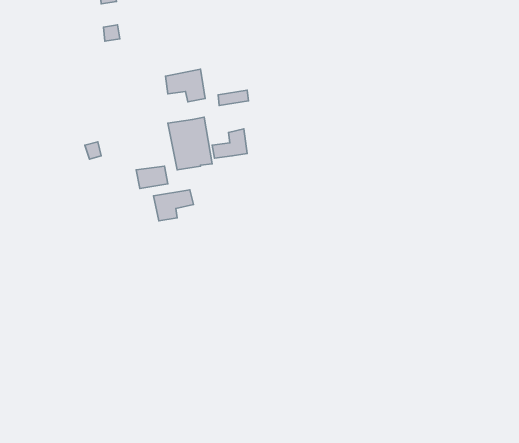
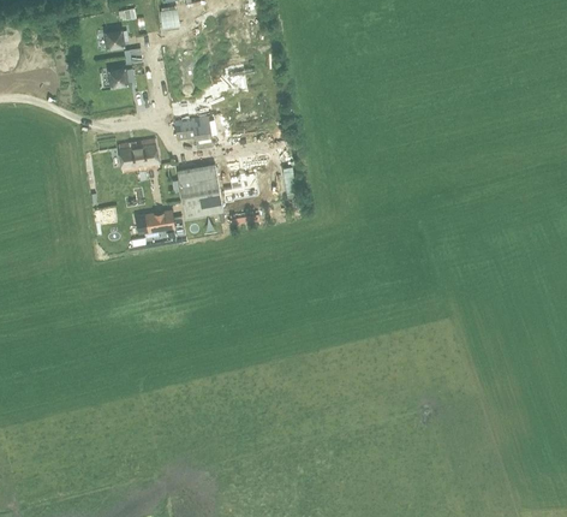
building: none -> [119,136,157,167]
building: [153,190,194,221] -> none

